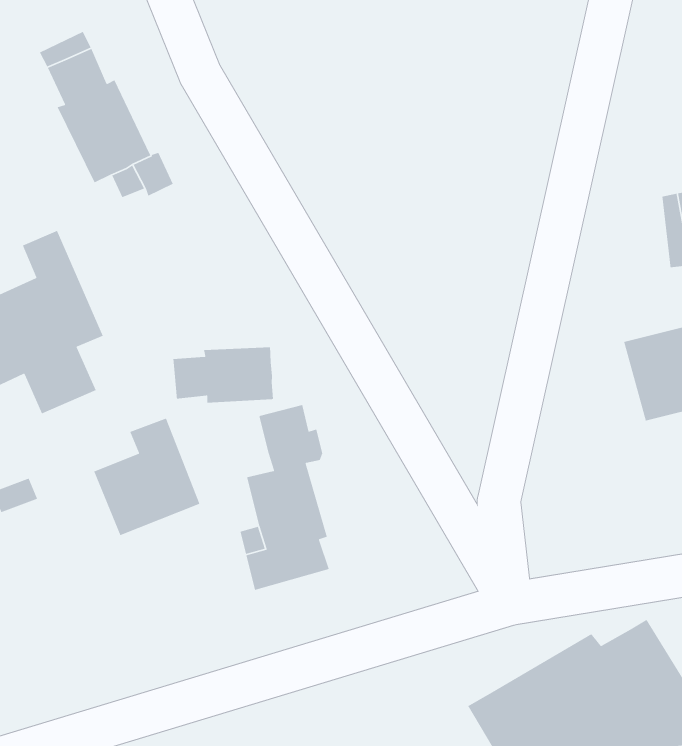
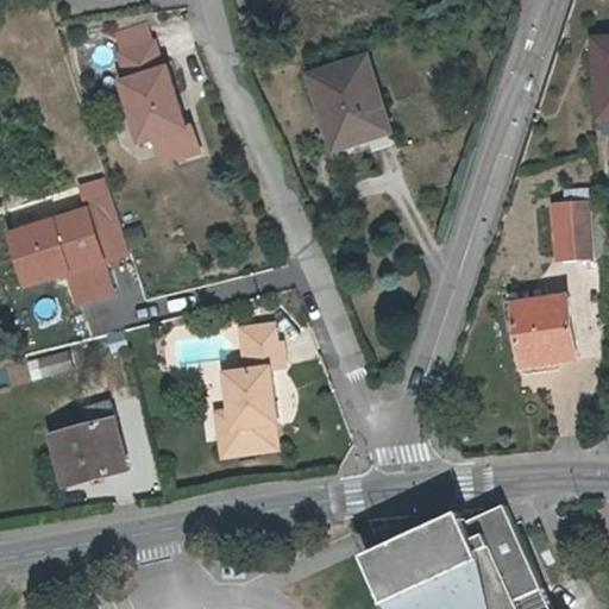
building: none -> [307,61,388,153]
building: [172,346,274,404] -> none
building: [93,417,201,536] -> [49,403,125,486]

